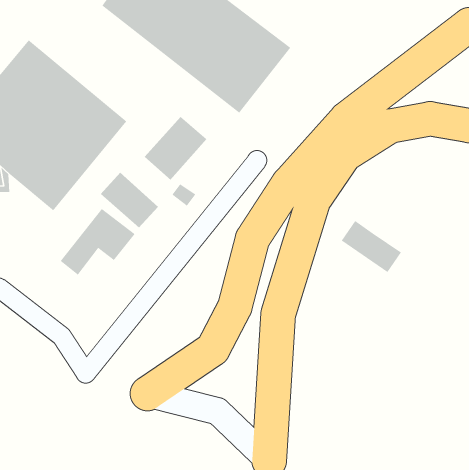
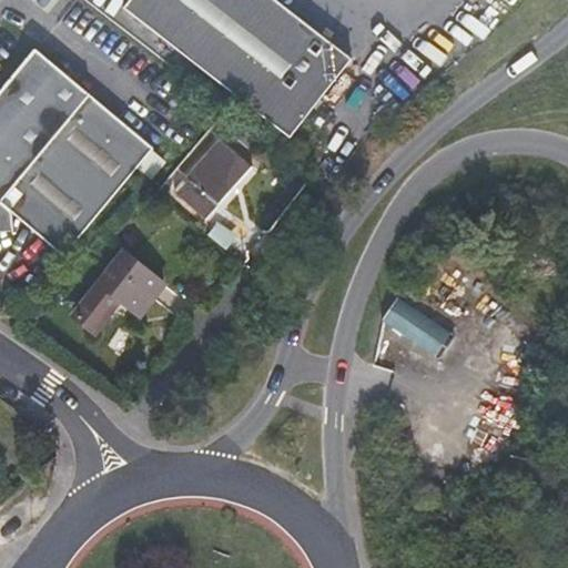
building: [100,172,159,228] -> none
building: [341,220,402,273] -> [381,294,454,357]

